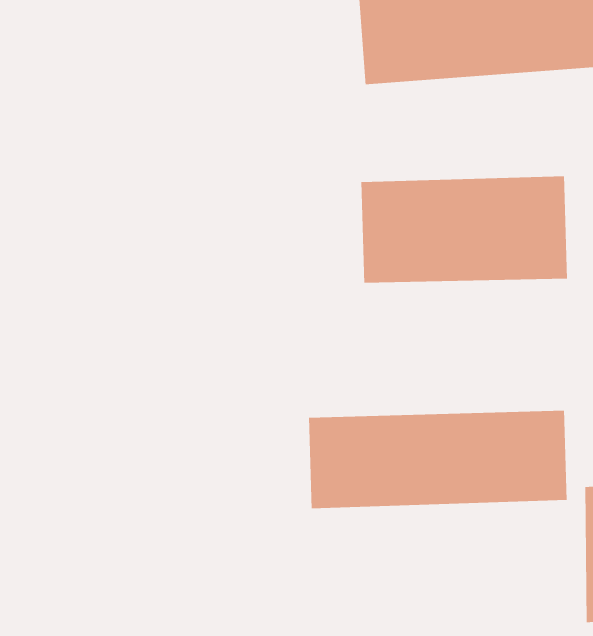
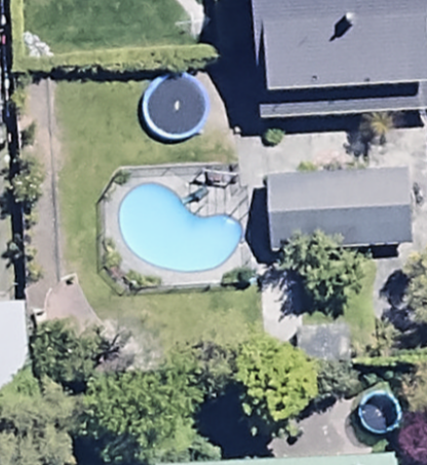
building: [308,410,567,509] -> none

